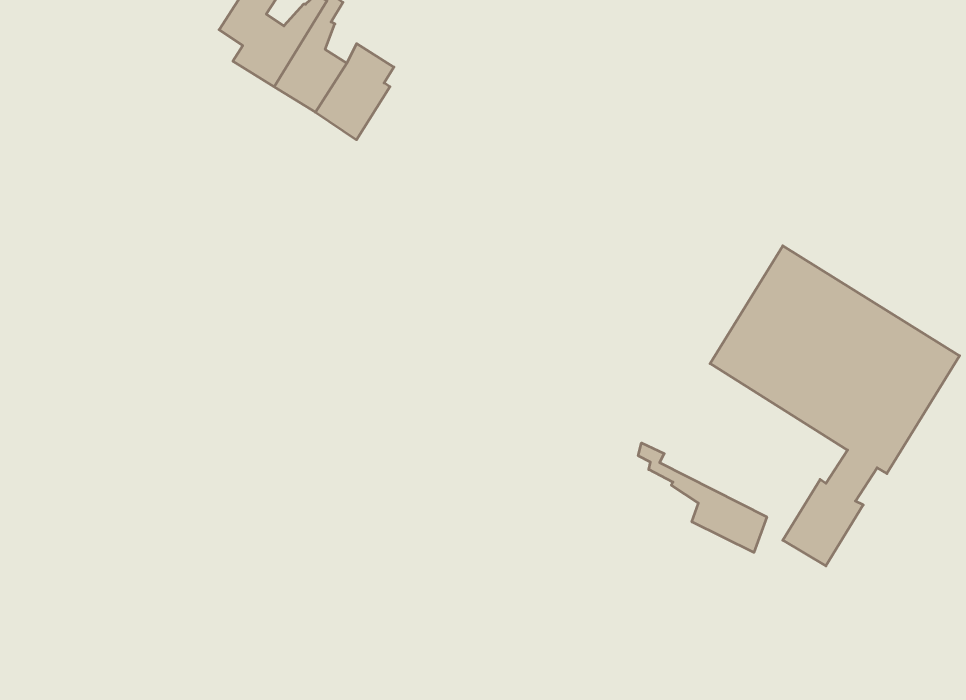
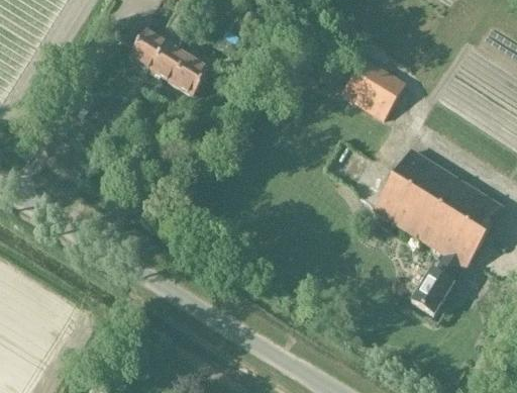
building: none -> [338,57,404,120]
building: [638,443,767,552] -> none

